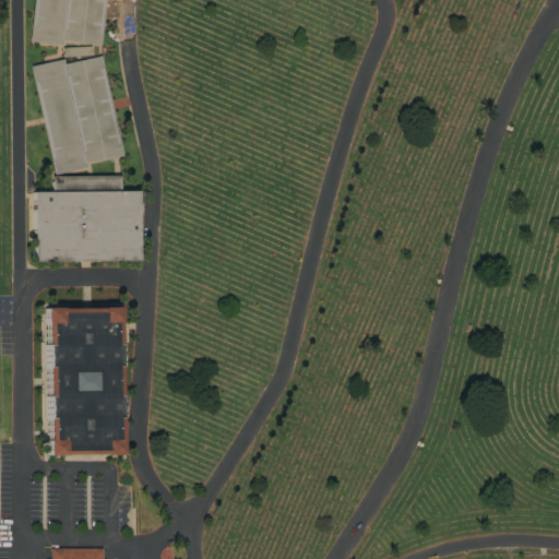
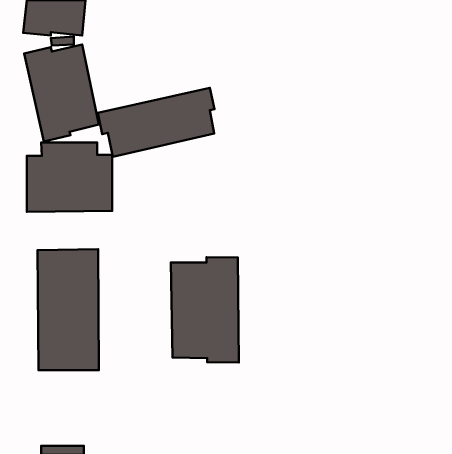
building: none -> [98,88,214,157]
building: none -> [171,257,239,362]

